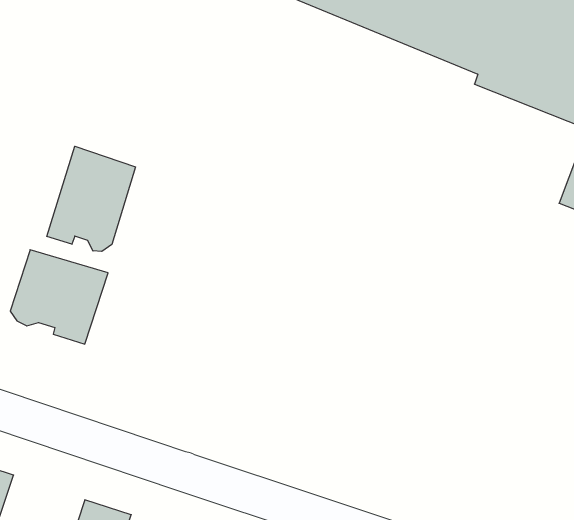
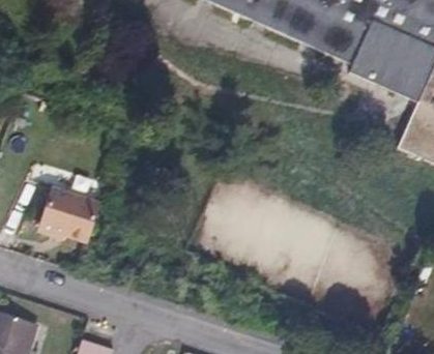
building: [47,146,136,251] -> none

